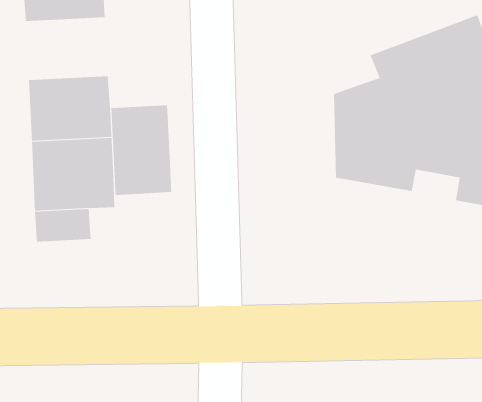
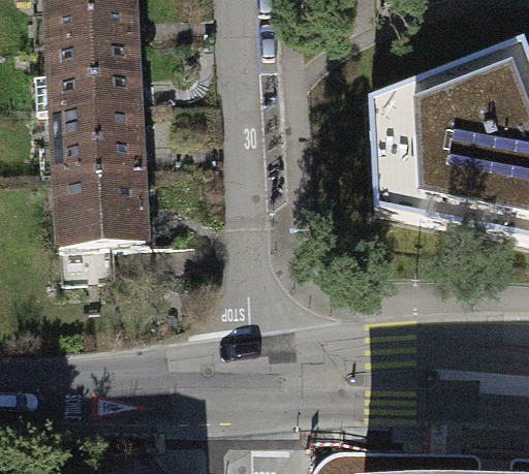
building: none -> [51,38,137,103]
building: [111,104,172,196] -> none

